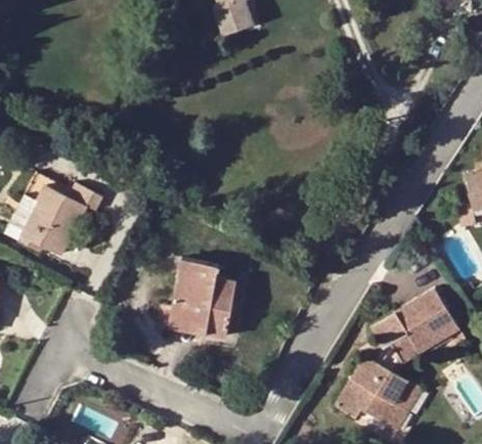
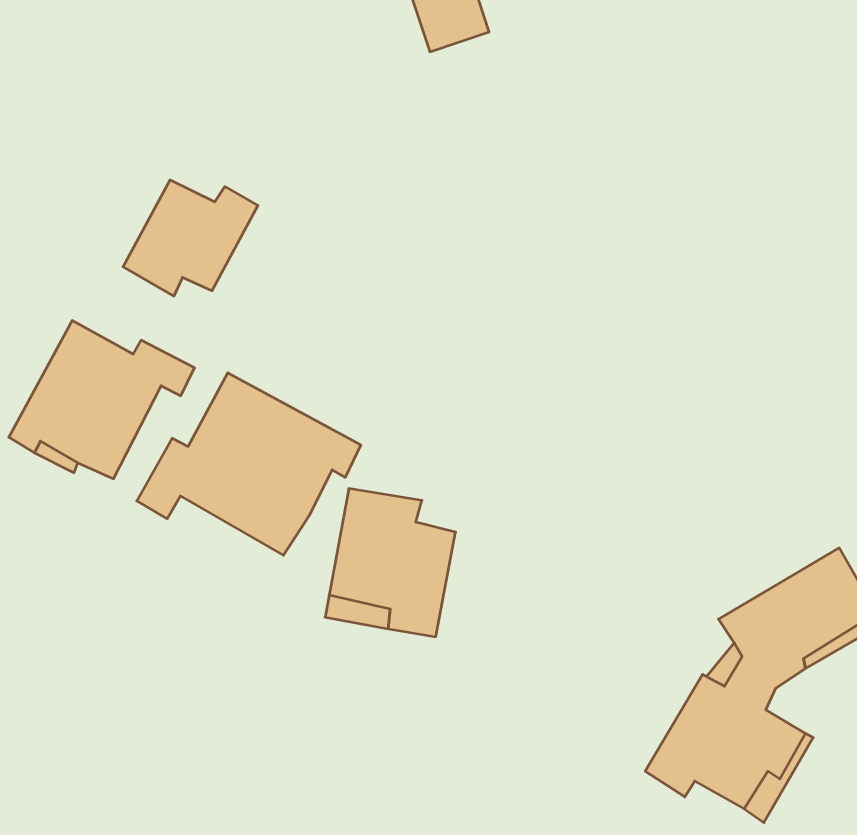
building: none -> [123,180,258,296]
building: none -> [137,373,361,555]

